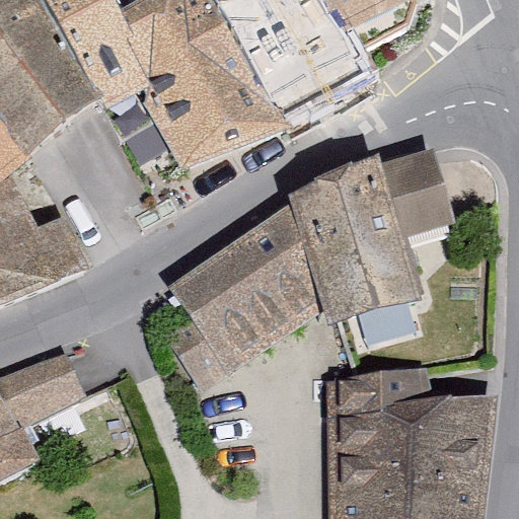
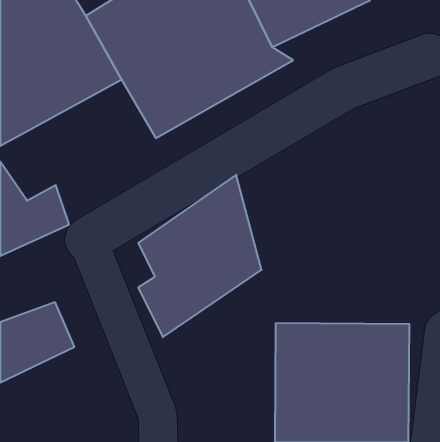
building: [282,163,448,341] -> none

